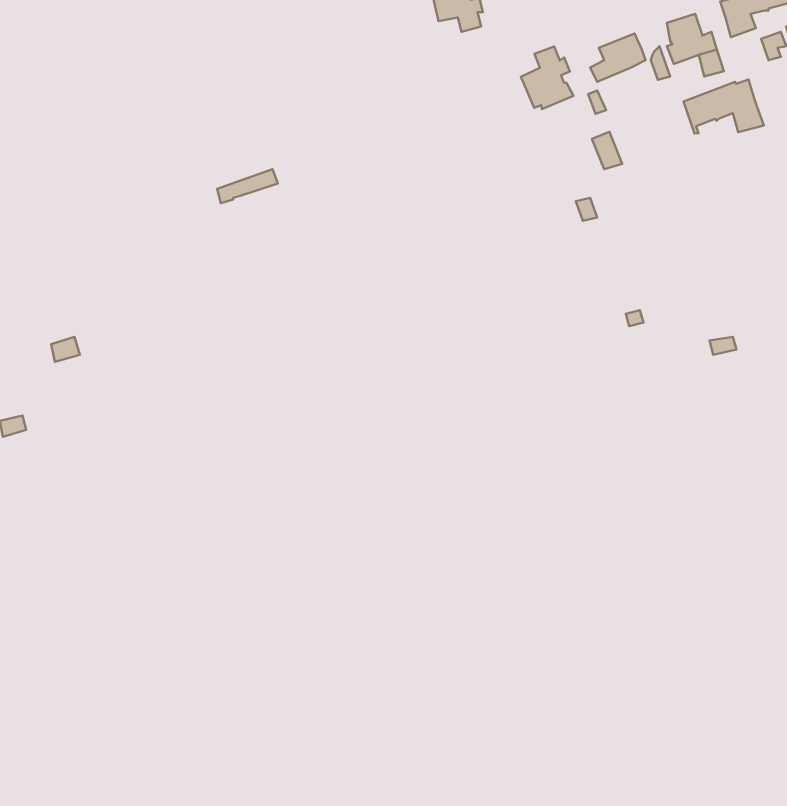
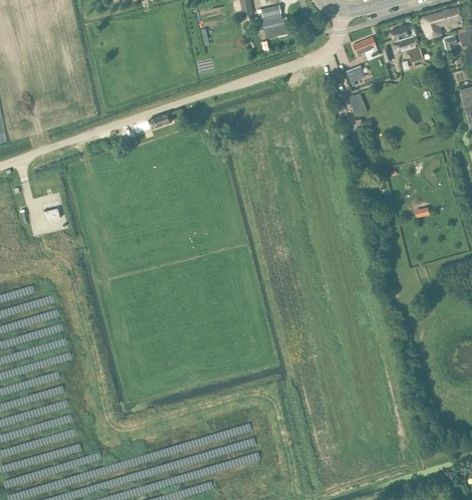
building: [521,47,573,109] -> none
building: [683,80,764,133] -> none

